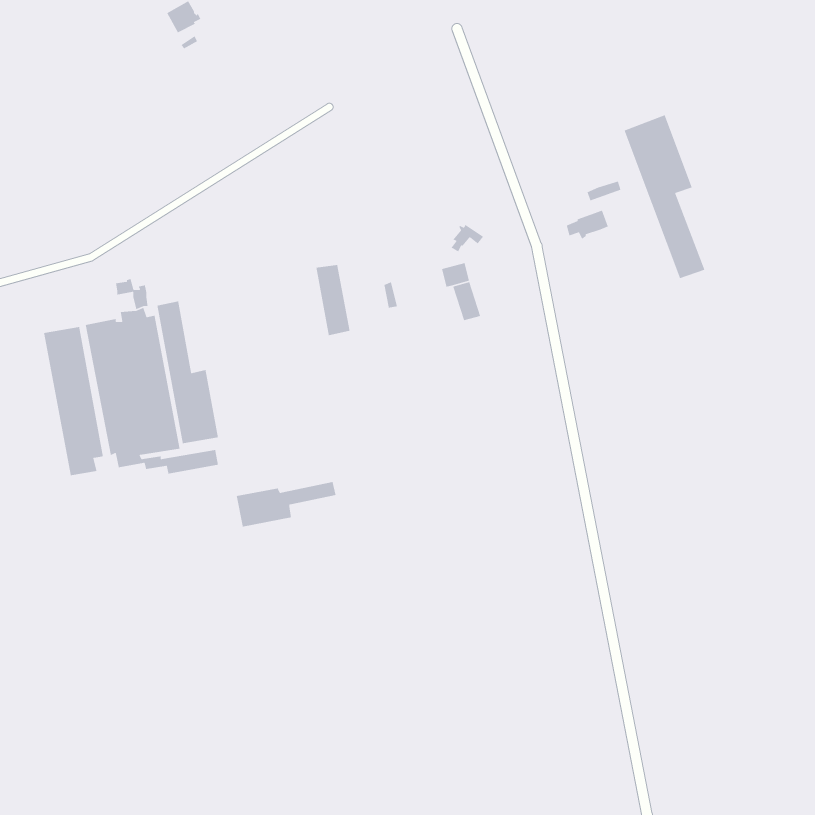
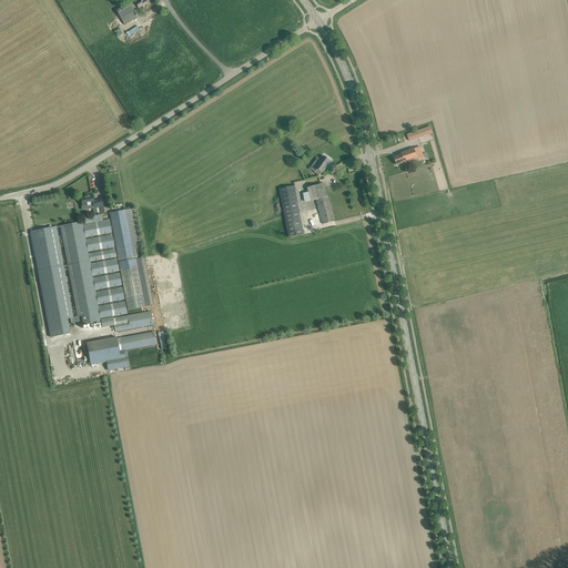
building: [623,114,706,279] -> none
building: [315,264,351,336] -> [278,185,303,235]
building: [236,481,337,527] -> [85,332,155,364]

